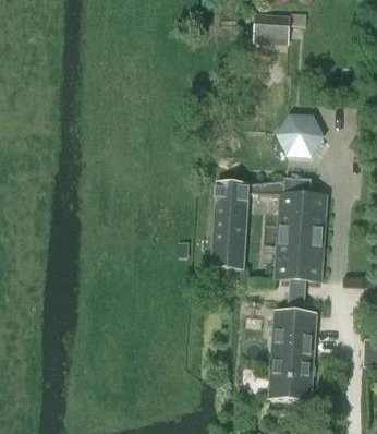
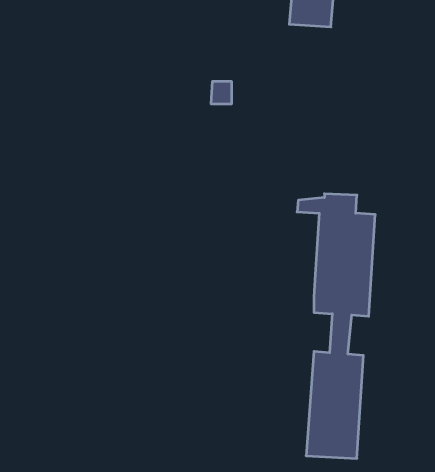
building: [276,112,324,157] -> none
building: [210,181,262,268] -> none

